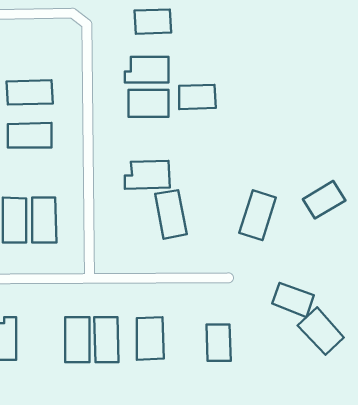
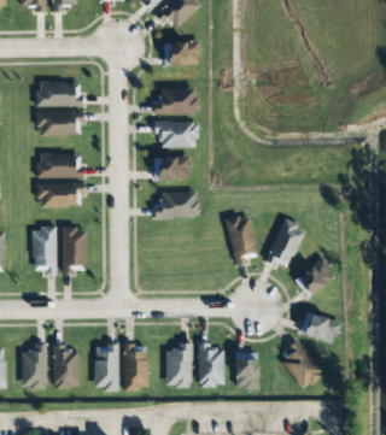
building: none -> [36,81,81,106]
building: [179,85,216,109] -> [153,155,189,180]
building: none -> [37,182,82,206]
building: [303,181,345,219] -> [293,259,335,296]
building: [155,190,187,239] -> [226,214,257,263]
building: [298,307,344,355] -> [277,342,323,389]
building: none -> [53,343,78,387]
building: none -> [198,345,224,386]

